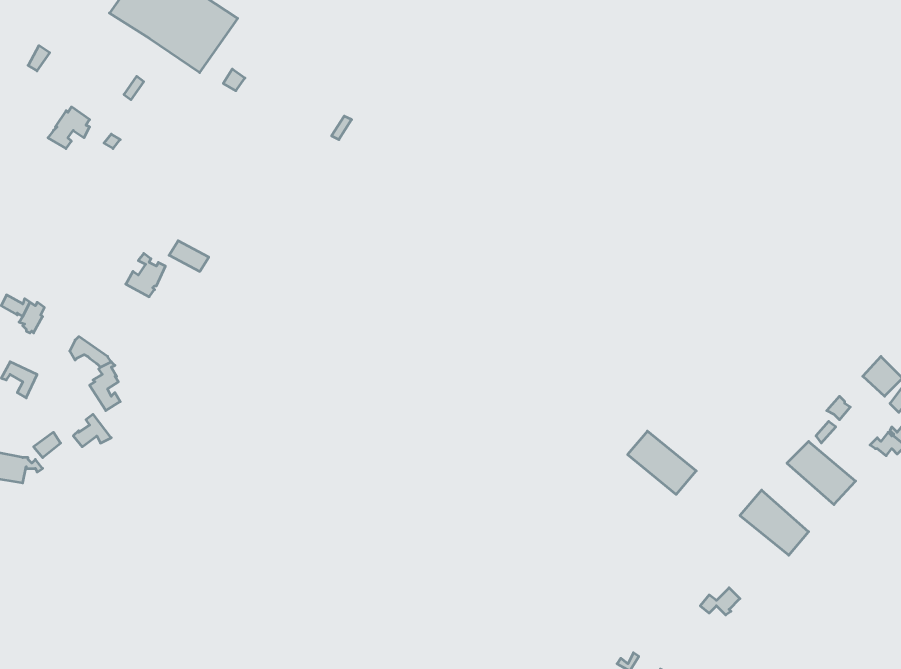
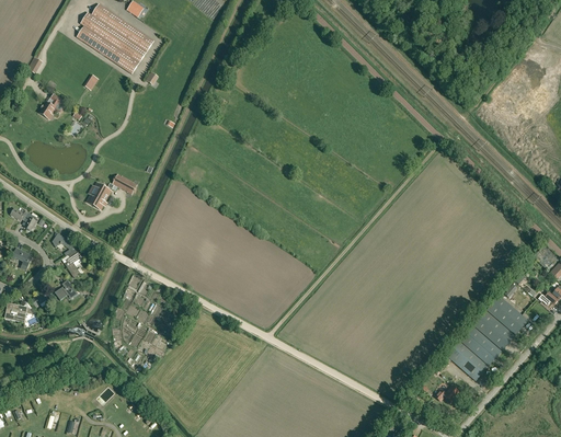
building: [628,431,696,494] -> [446,343,488,381]
building: none -> [473,311,515,350]

